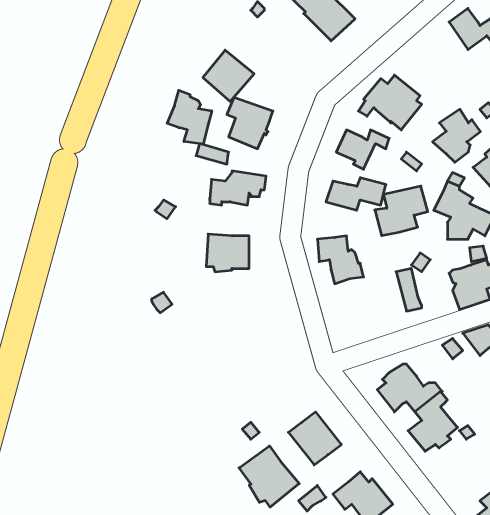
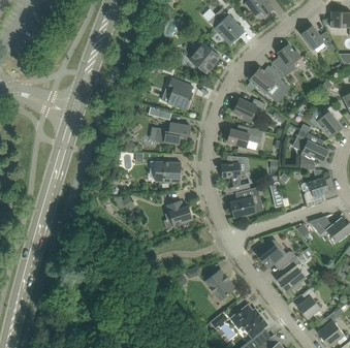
building: [203,50,254,101] -> [189,42,220,73]
building: [167,90,212,144] -> none
building: [433,109,480,162] -> [272,43,300,75]
building: [375,186,428,236] -> [229,187,261,217]
building: none -> [166,200,192,226]
building: none -> [296,287,320,319]
building: [239,446,299,507] -> none

